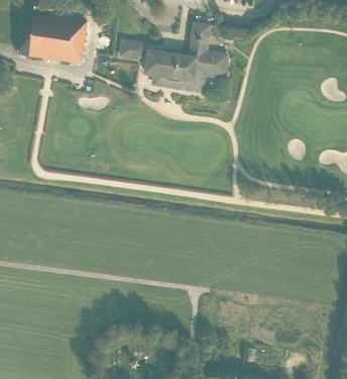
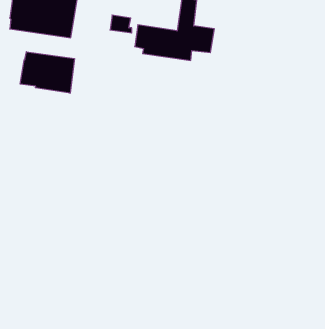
building: none -> [20,52,74,93]

